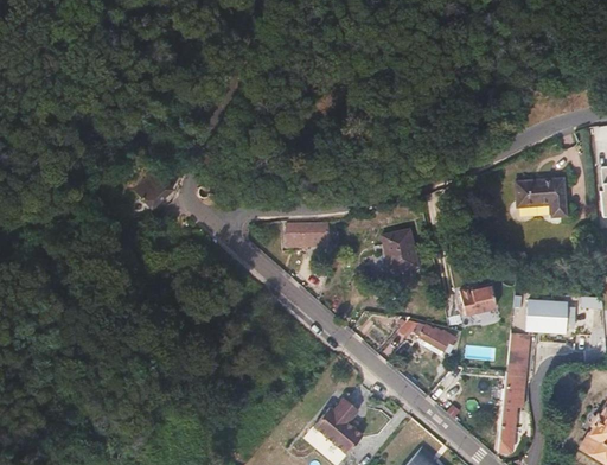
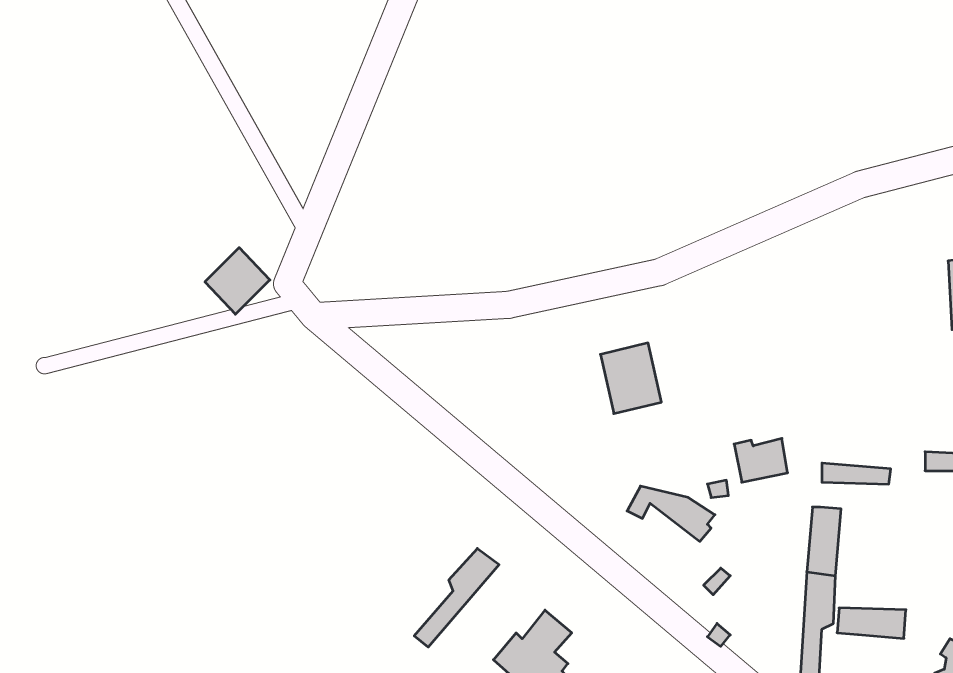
building: [515,174,569,217] -> none
building: [286,222,327,244] -> none
building: [517,314,560,333] -> [837,608,906,638]
building: none -> [414,548,499,647]

